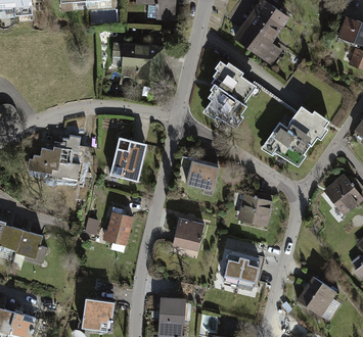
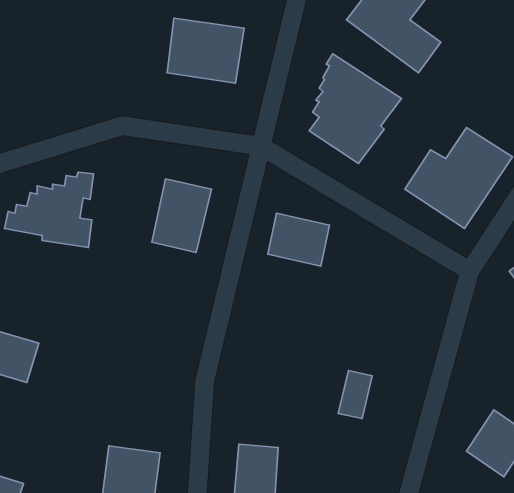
building: [239,197,271,226] -> none
building: [102,212,132,244] -> none
building: [173,220,205,252] -> none
building: [236,255,257,285] -> none

